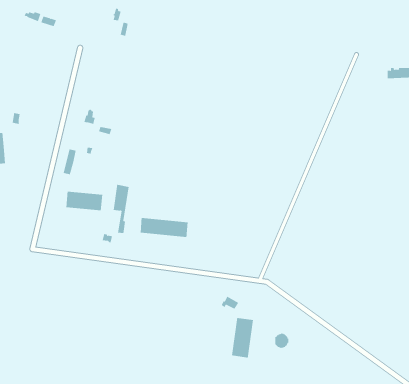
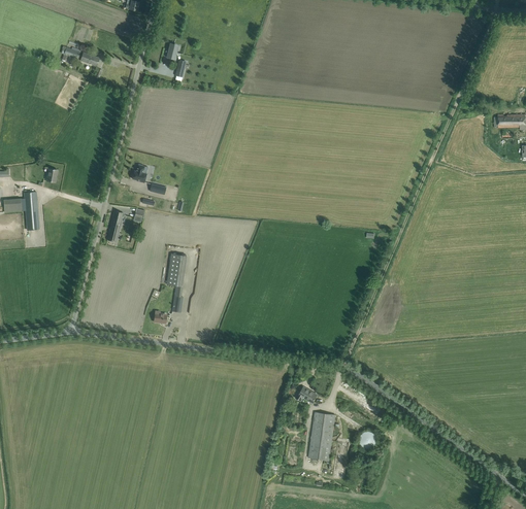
building: [66,191,103,211] -> none
building: [140,217,188,238] -> none

